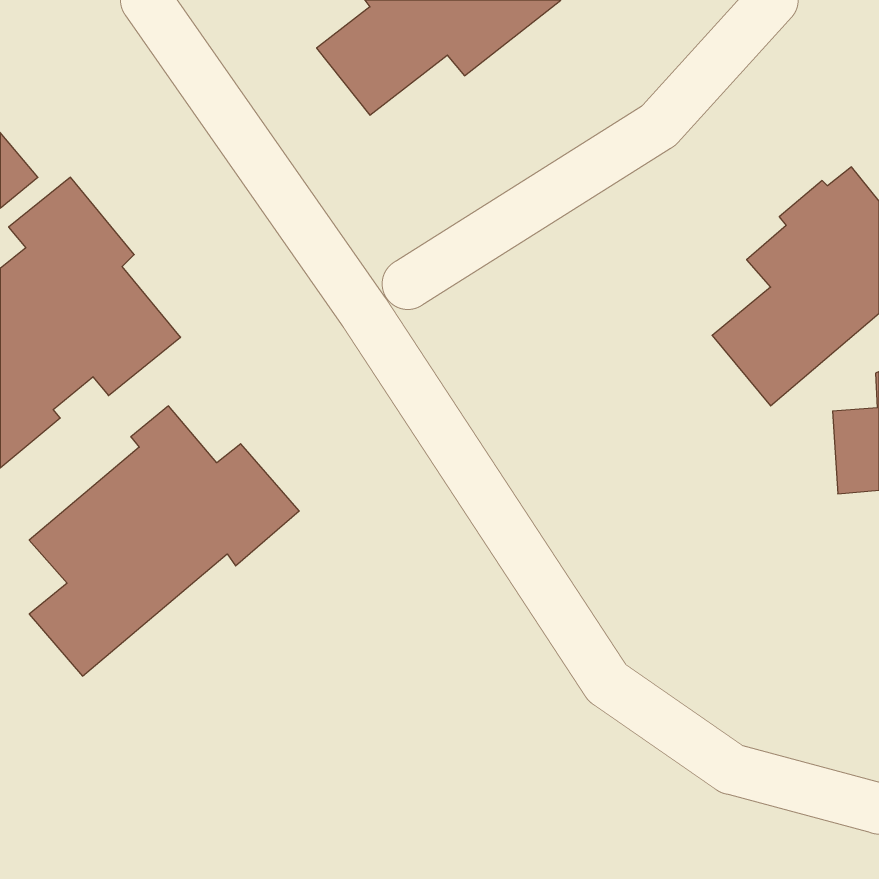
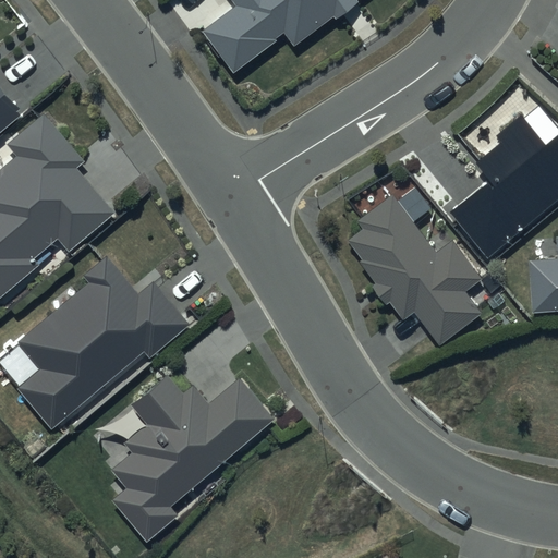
building: none -> [347,193,482,344]
building: none -> [114,374,275,541]

